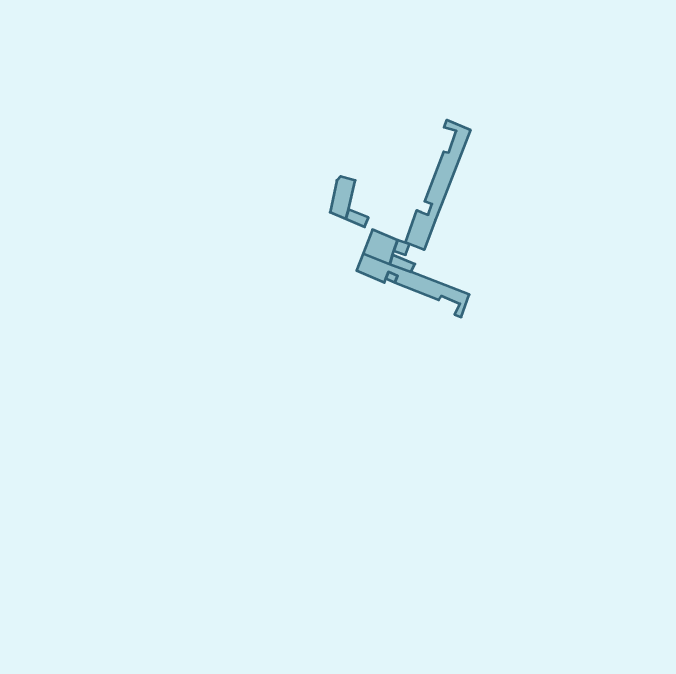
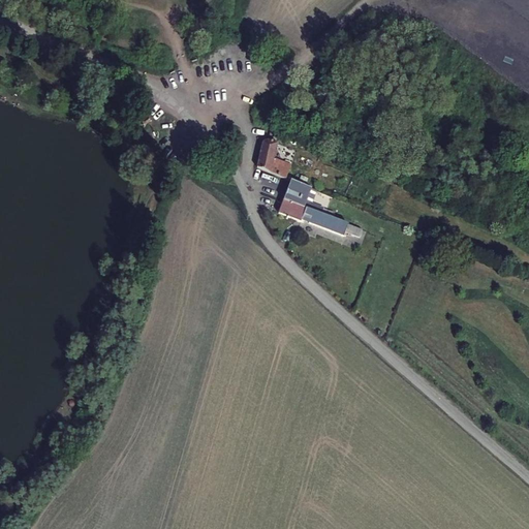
building: [406,120,470,250] -> none

